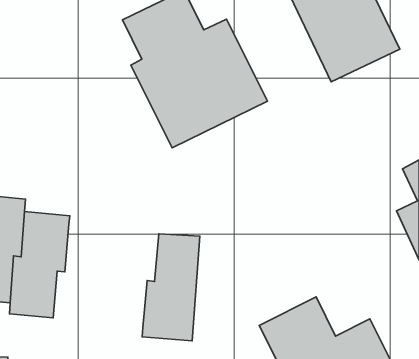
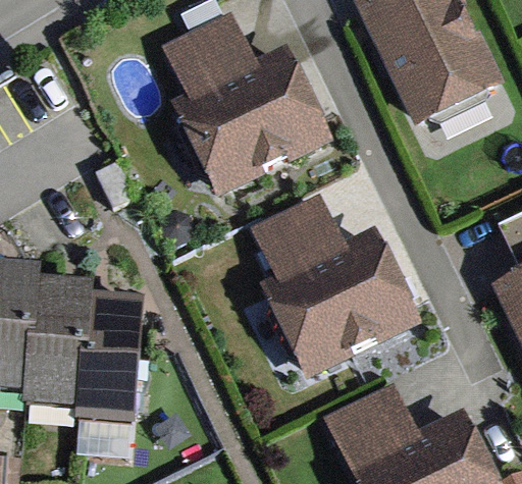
building: none -> [254,200,418,377]
building: [142,234,200,341] -> [73,293,144,424]

